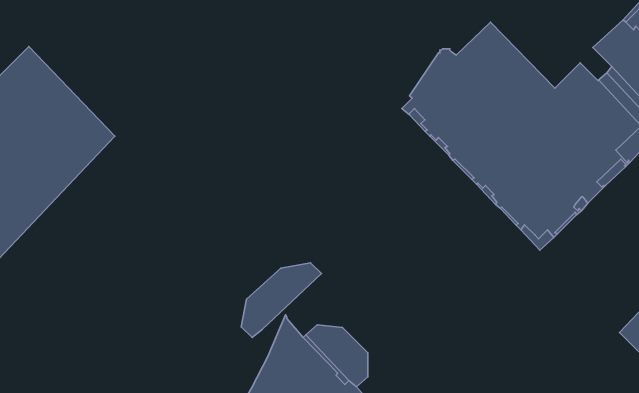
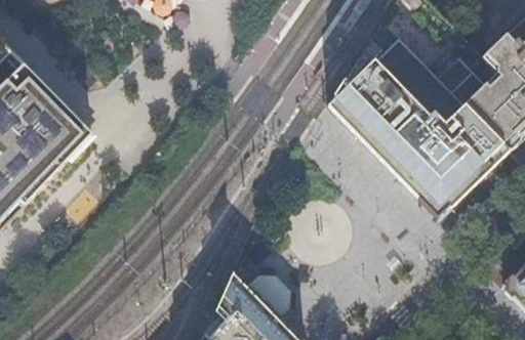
building: [241,263,321,337] -> none

